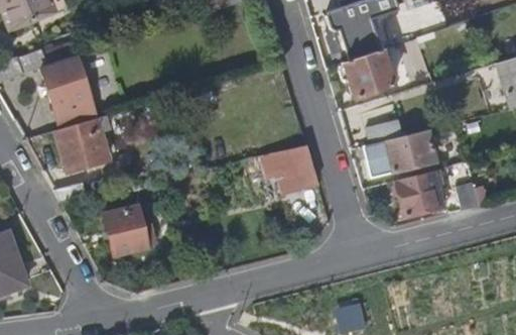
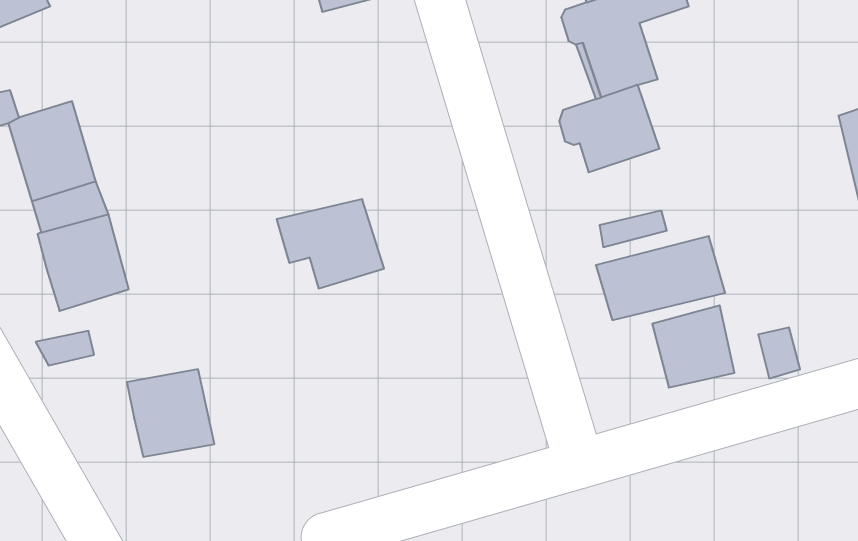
building: [261,144,320,194] -> [277,199,384,288]

